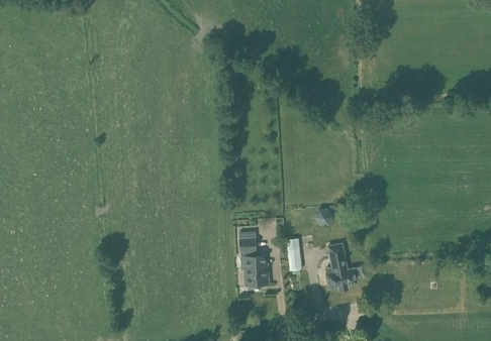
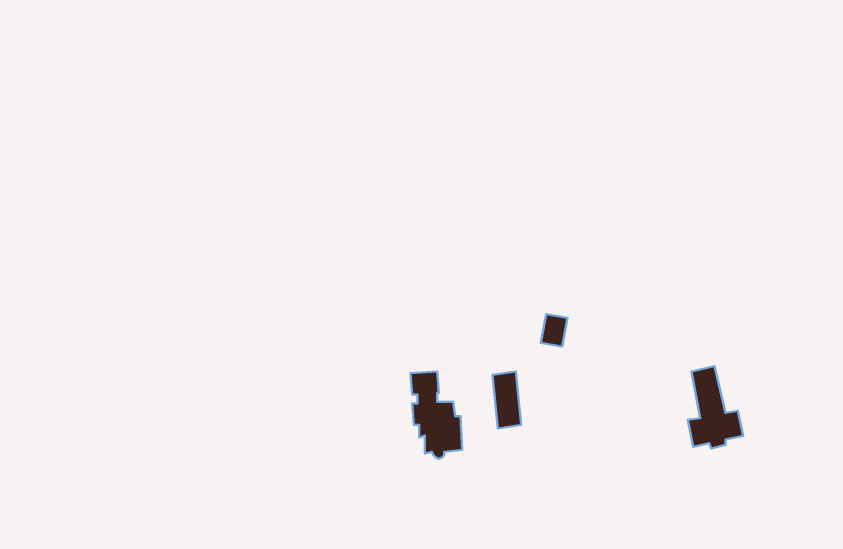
building: [326,243,358,290] -> [688,366,743,448]

